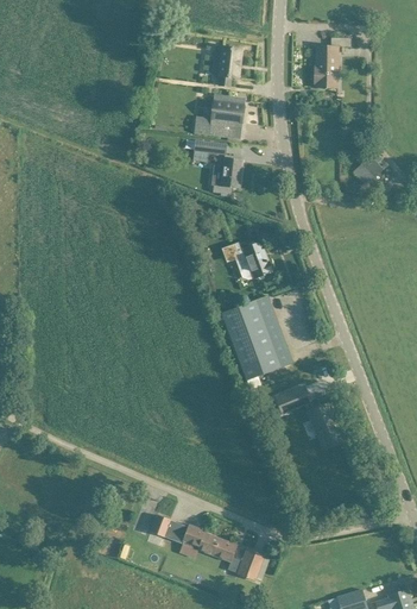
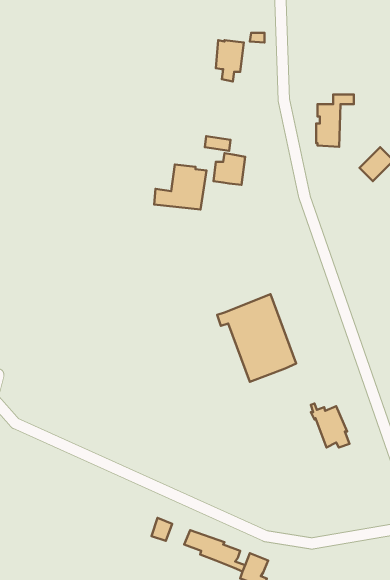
building: [314,37,350,88] -> [316,94,354,147]
building: [194,94,245,138] -> [154,164,206,209]
building: [239,241,271,280] -> none
building: [274,387,310,414] -> none

